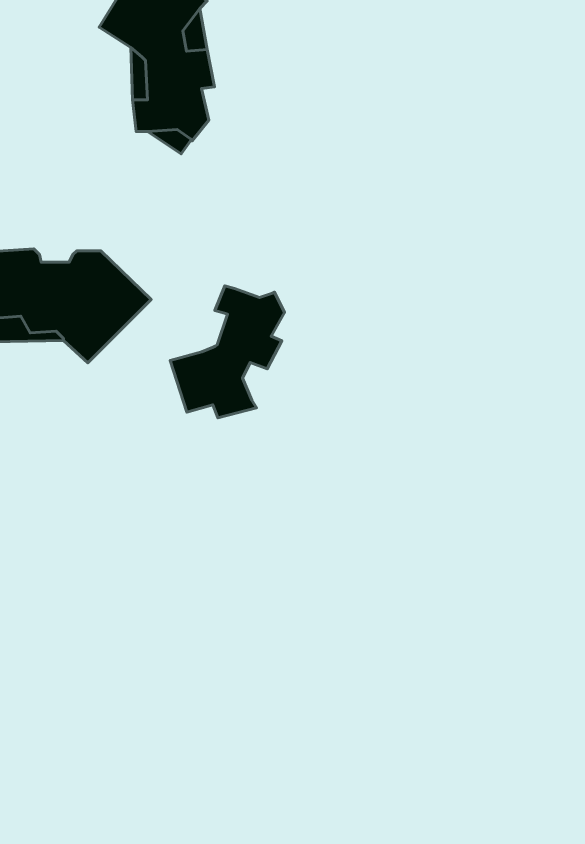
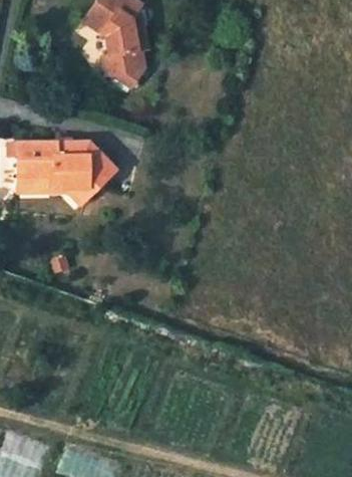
building: [170,286,284,418] -> none

